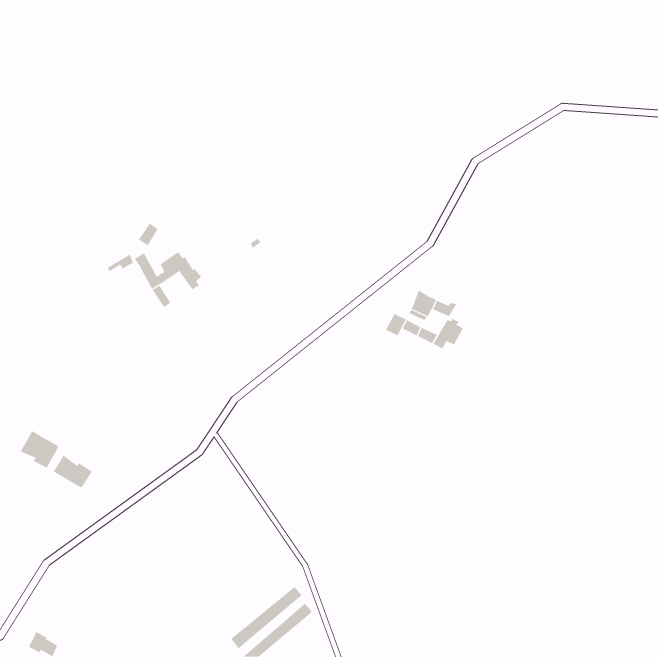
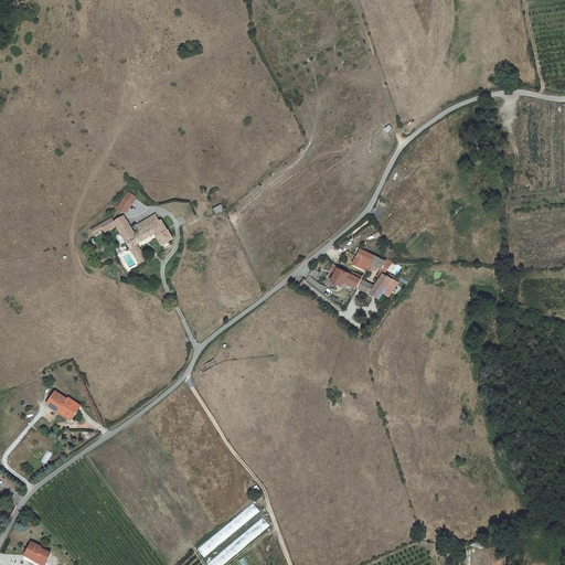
building: [20,430,59,469] -> none

